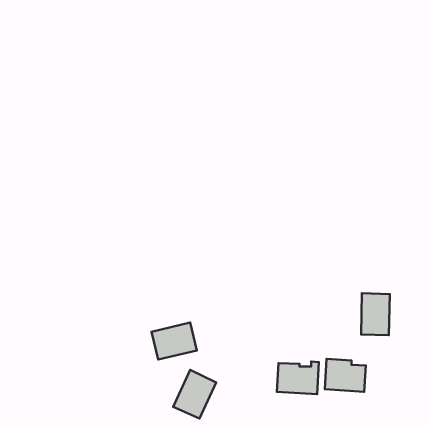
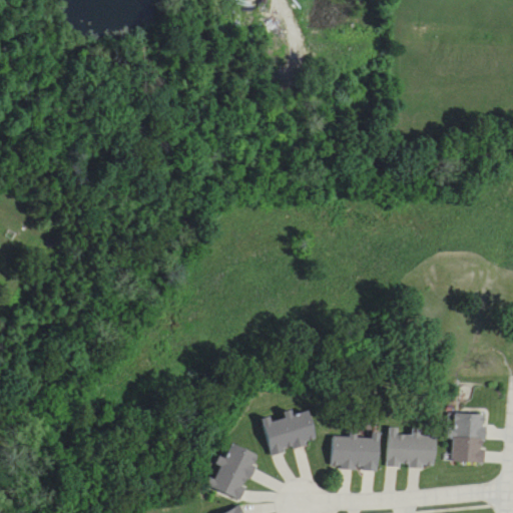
building: [361,293,390,335] -> [453,412,487,462]
building: [151,323,197,360] -> [261,409,315,453]

